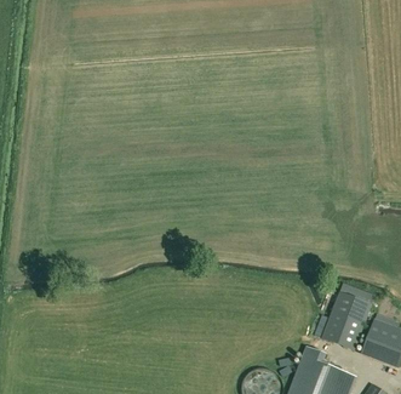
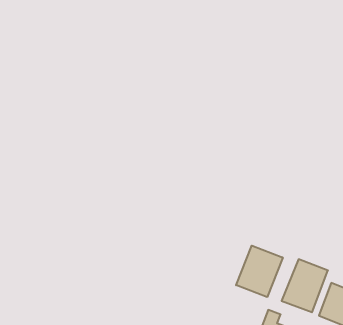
building: none -> [236,246,283,297]

